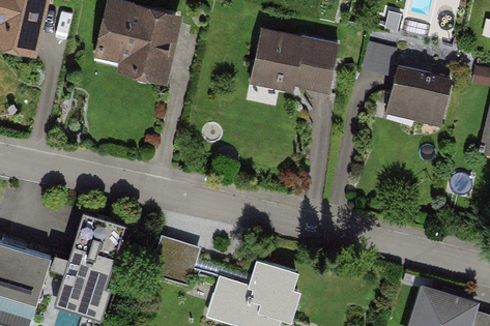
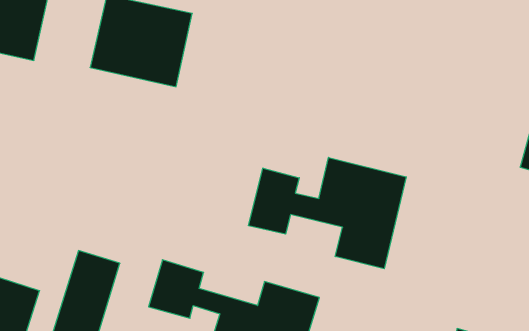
building: [251,26,339,98] -> none
building: [388,63,459,124] -> none
building: none -> [249,157,406,269]

